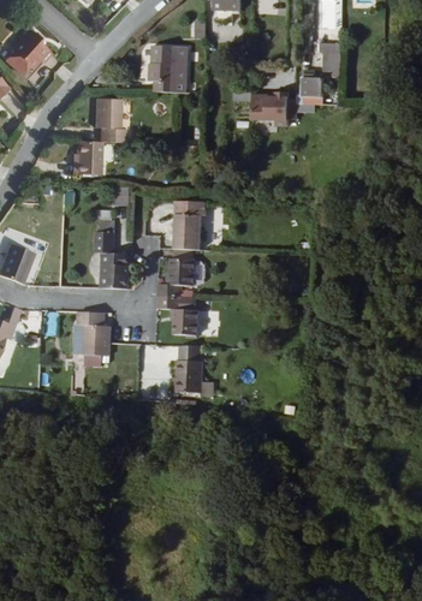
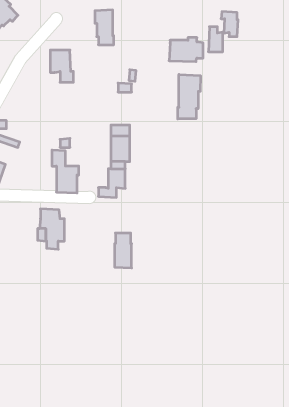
building: none -> [178,74,200,119]
building: [72,142,101,175] -> none
building: [156,296,198,334] -> none

